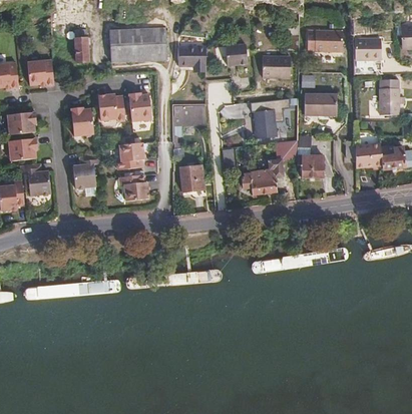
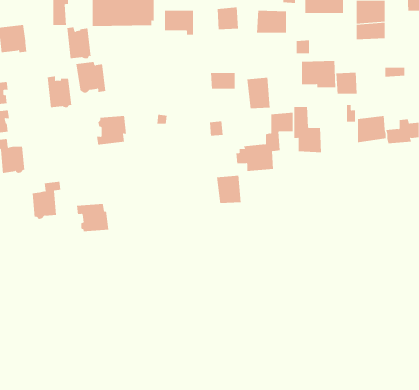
building: [379,78,399,98] -> [336,72,358,94]
building: [128,92,151,121] -> [66,27,92,59]
building: [174,105,205,129] -> none
building: [73,154,100,189] -> [32,181,61,219]
building: [179,164,202,190] -> [216,175,241,204]
building: [119,174,149,200] -> [76,203,109,232]

